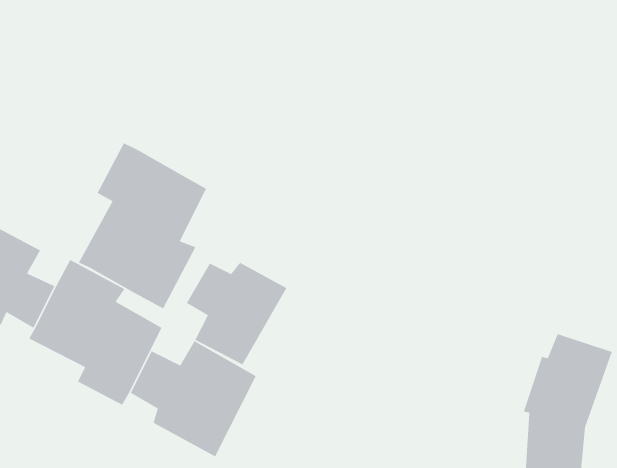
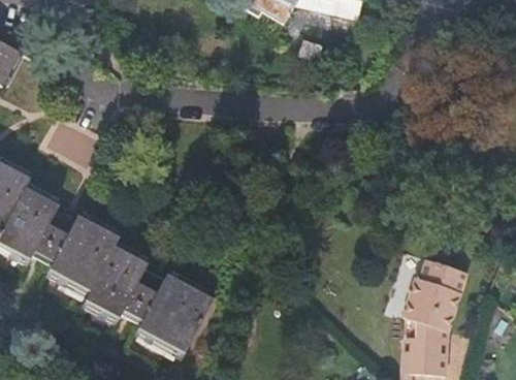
building: [78,142,207,309] -> none
building: [186,262,288,365] -> none

